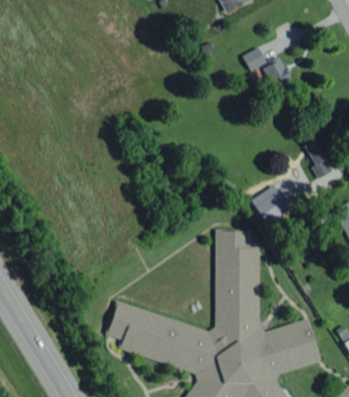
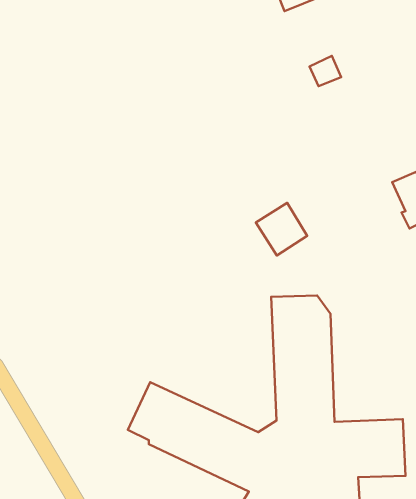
building: [263,58,292,88] -> none
building: [251,184,290,225] -> [256,203,307,256]

